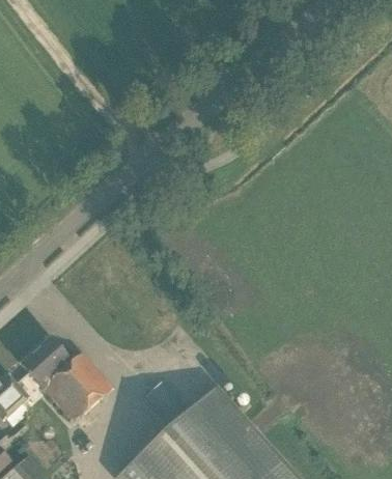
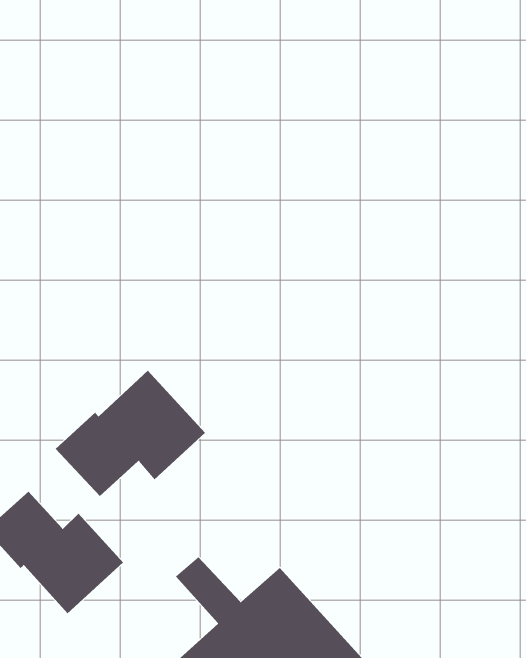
building: none -> [55,370,206,497]

